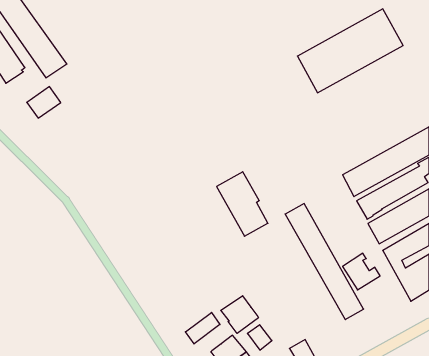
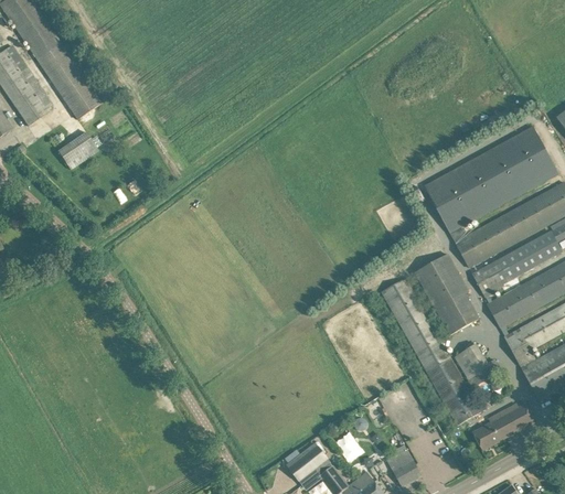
building: [297,9,403,93] -> [424,127,557,233]
building: [217,172,268,236] -> [414,254,479,335]
building: [221,296,258,333] -> none
building: none -> [472,402,534,451]
building: [185,312,220,344] -> none

